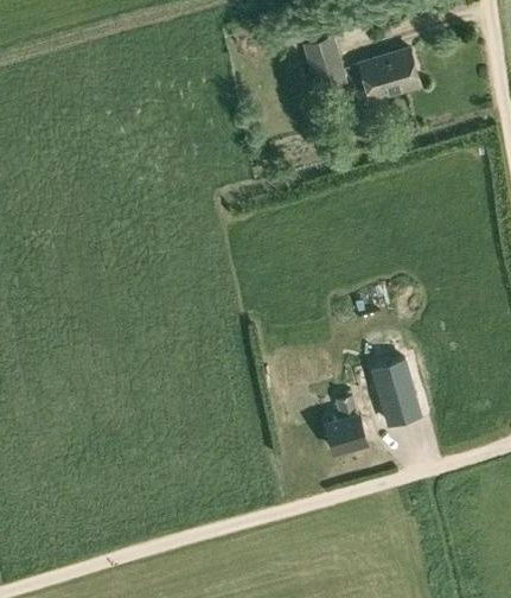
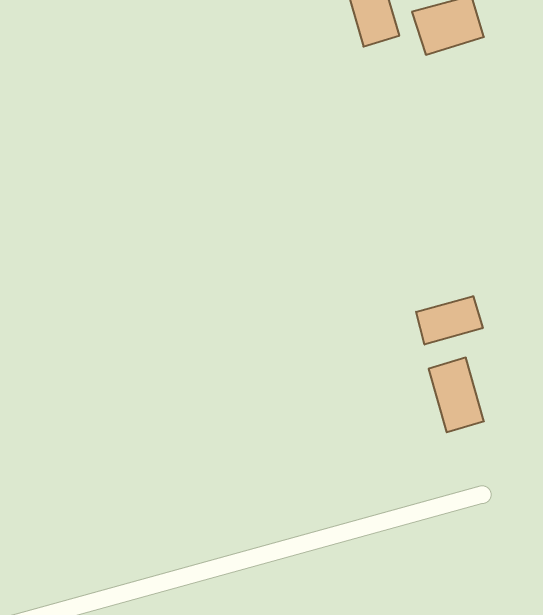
building: none -> [416,296,483,345]
building: [325,399,365,453] -> none

